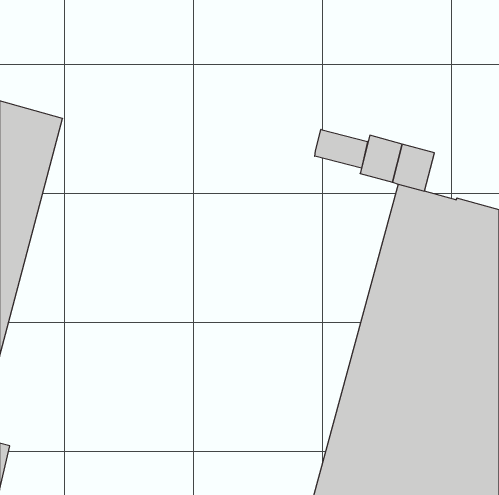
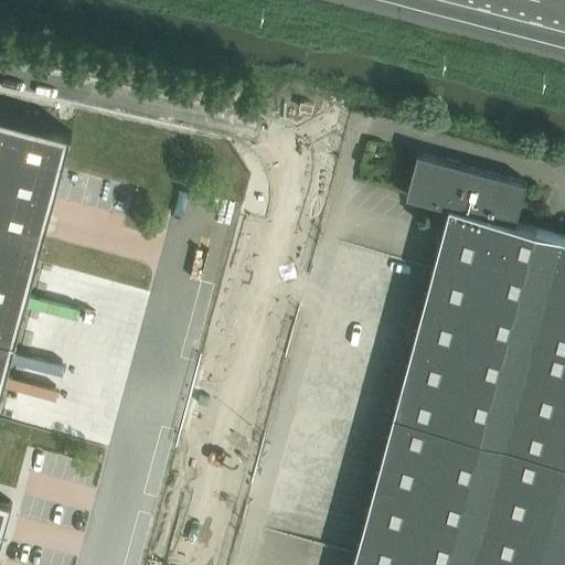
building: [315,129,368,168] -> none
building: none -> [479,179,526,232]

